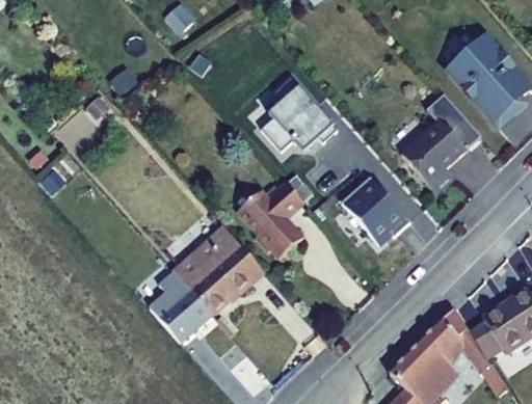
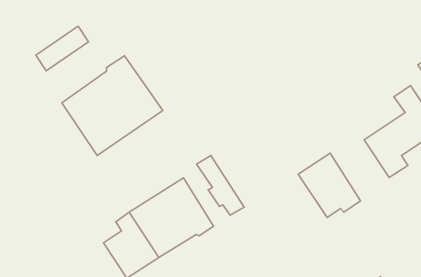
building: [263,81,340,155] -> none
building: none -> [62,56,163,156]
building: [249,182,304,249] -> none

